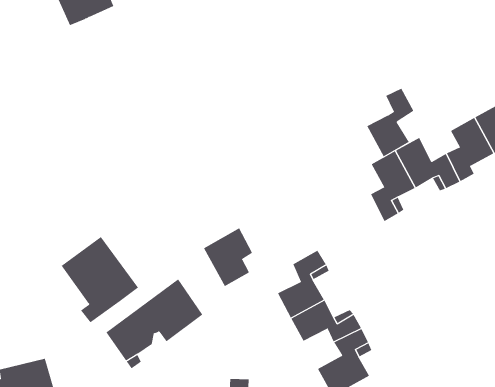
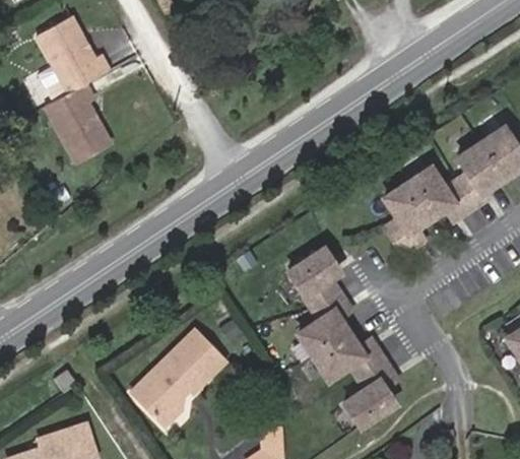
building: none -> [48,86,116,166]
building: [366,88,414,157] -> none
building: [203,228,253,287] -> [286,247,335,306]
building: [61,236,139,323] -> none

